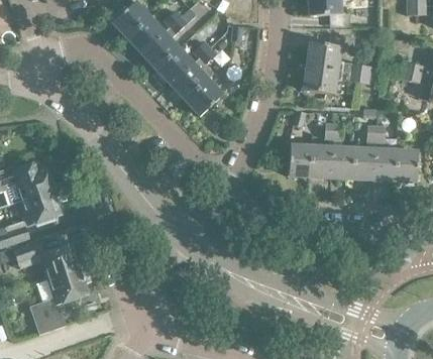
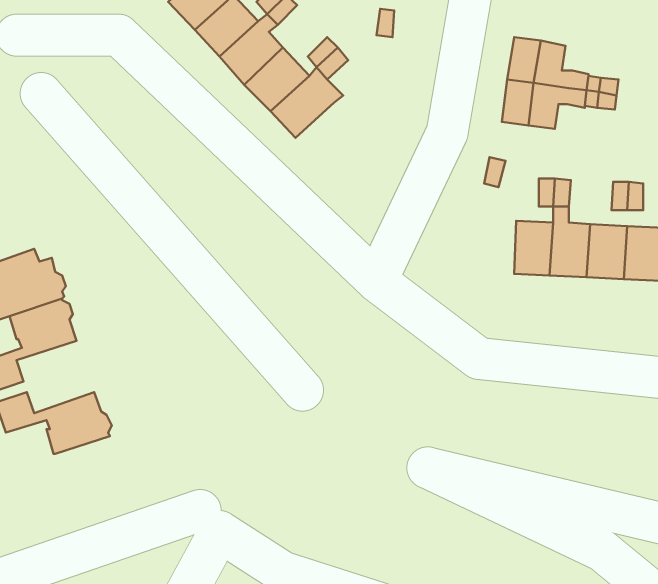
building: [186,79,223,115] -> none
building: [289,145,312,176] -> none
building: [30,269,88,334] -> none

